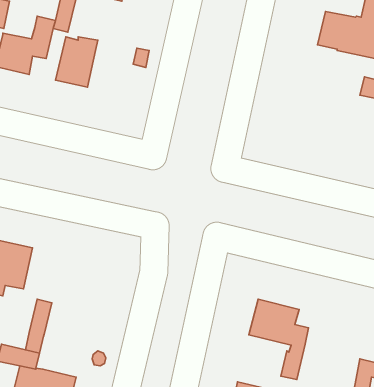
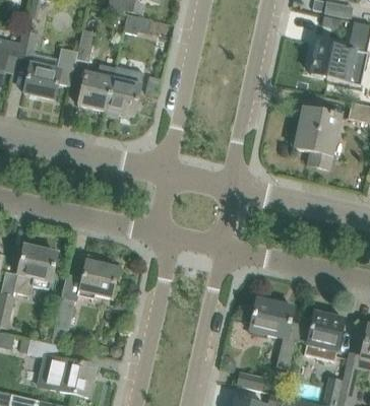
building: none -> [106,65,143,117]
building: none -> [291,107,341,168]
building: none -> [78,259,118,297]
building: none -> [299,311,345,356]

